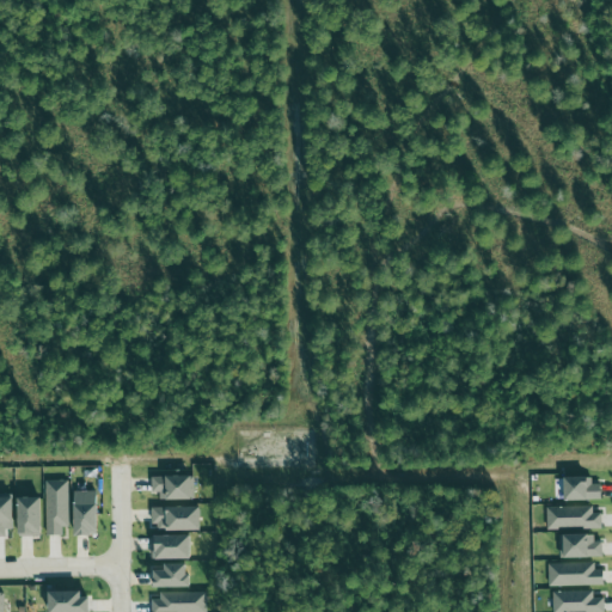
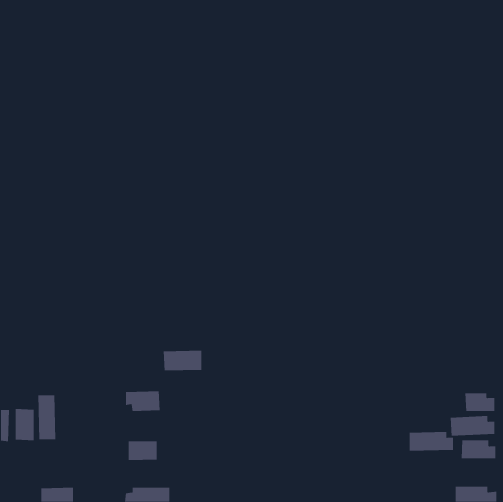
building: [74,490,97,536] -> none
building: [153,506,201,531] -> [163,350,202,371]
building: [549,562,604,586] -> [409,431,454,451]
building: [154,563,189,587] -> none

